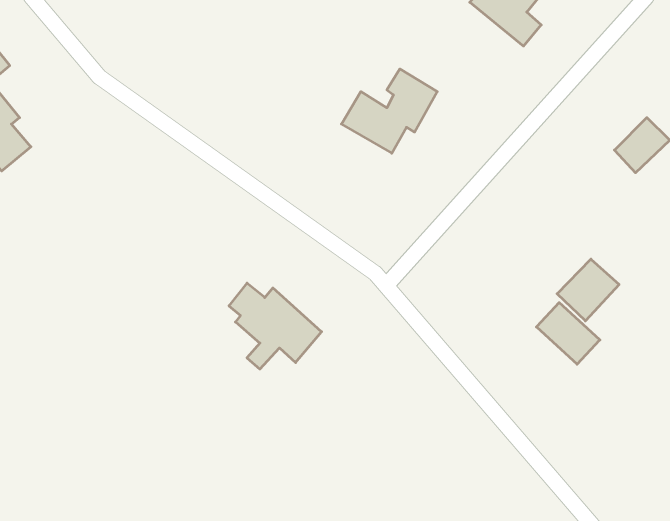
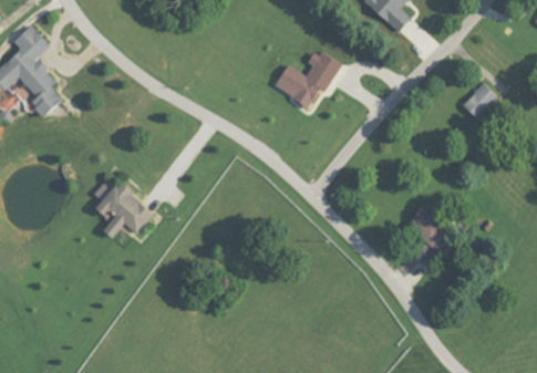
building: [557,259,619,321] -> none
building: [229,283,322,369] -> [91,179,154,238]

